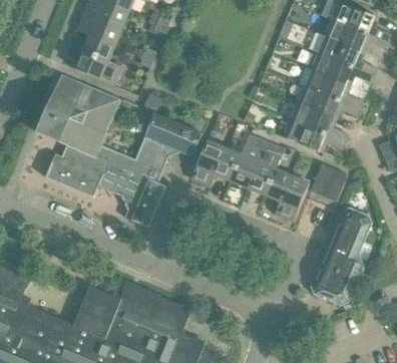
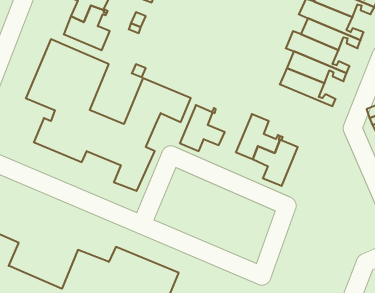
building: [283,118,344,152] -> none
building: [219,141,263,187] -> none
building: [310,162,347,201] -> none
building: [310,207,371,305] -> none

